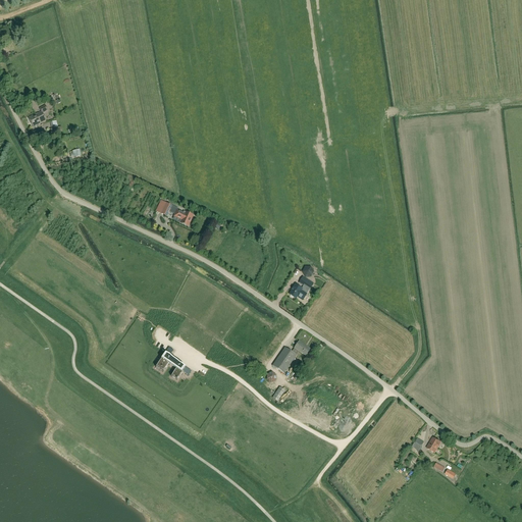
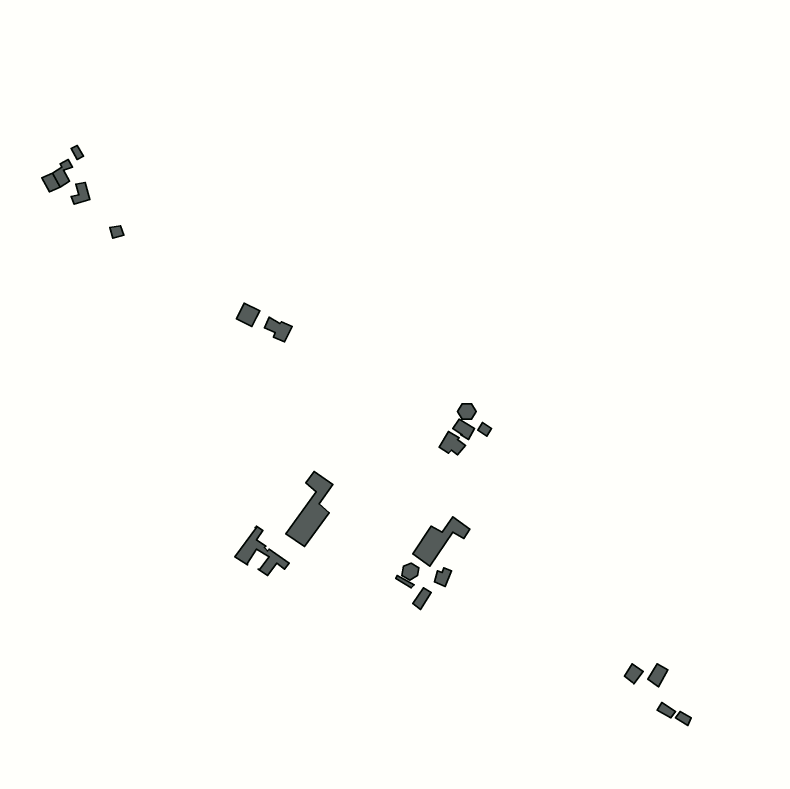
building: none -> [286,472,333,546]

